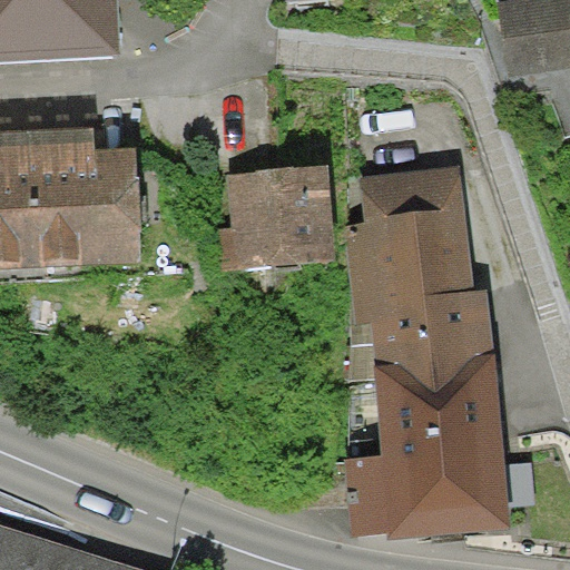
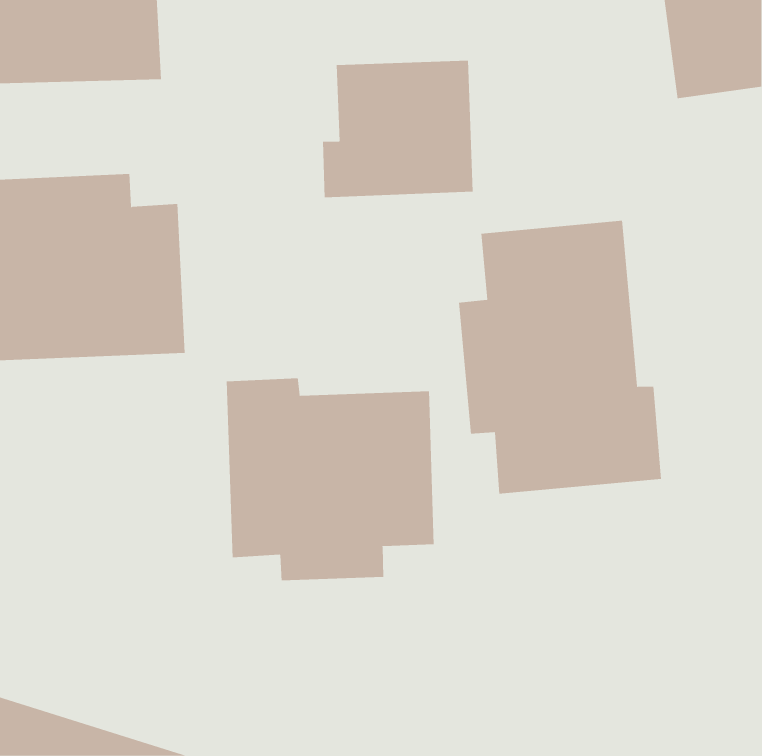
building: [220,166,333,268] -> [322,60,473,198]
building: none -> [226,377,434,581]
building: [343,356,509,541] -> none

